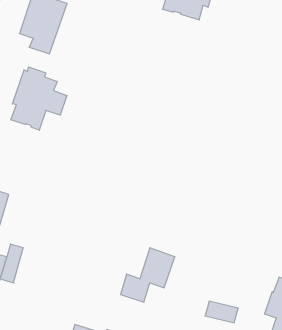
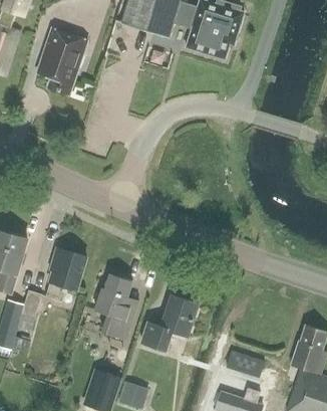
building: [11,67,67,130] -> none
building: none -> [45,248,85,300]
building: none -> [94,274,137,339]

